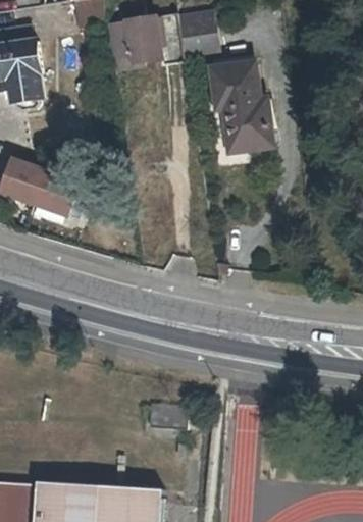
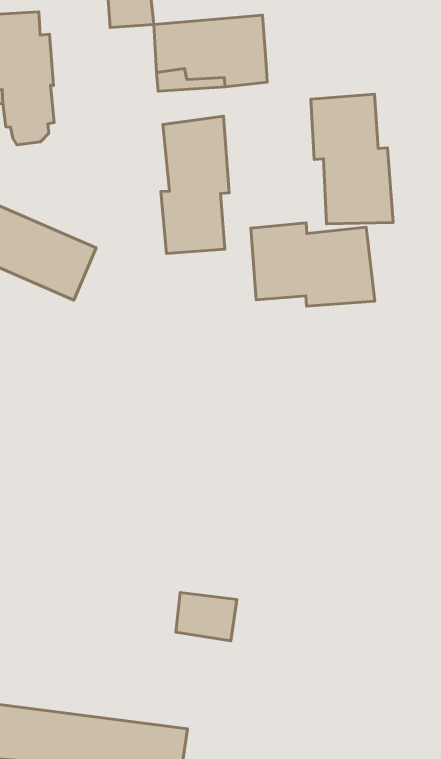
building: [176,13,214,54] -> none
building: none -> [161,116,229,254]
building: none -> [251,223,375,306]

